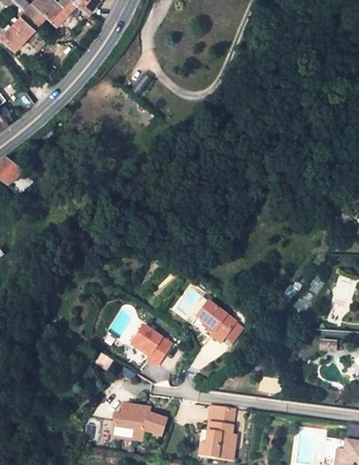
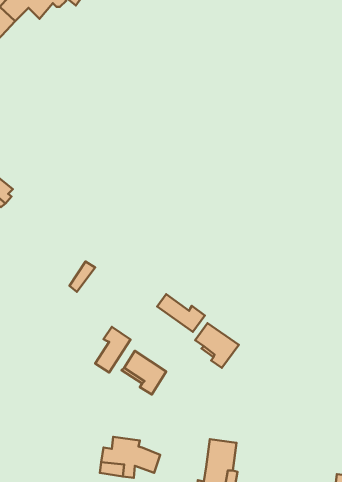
building: none -> [157,294,205,332]
building: none -> [95,327,131,373]

